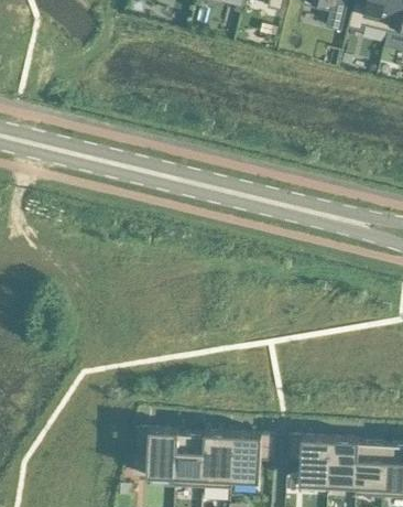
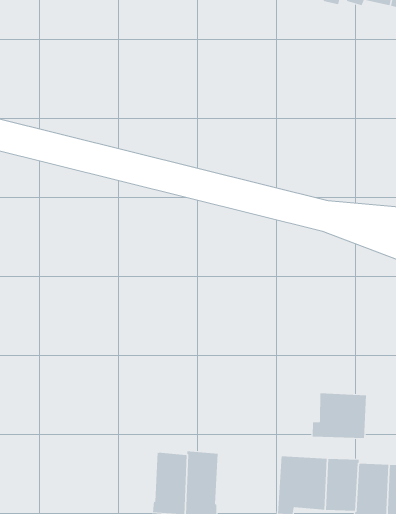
building: none -> [312,392,367,439]
building: [134,427,179,475] -> none
building: [231,432,275,479] -> none

